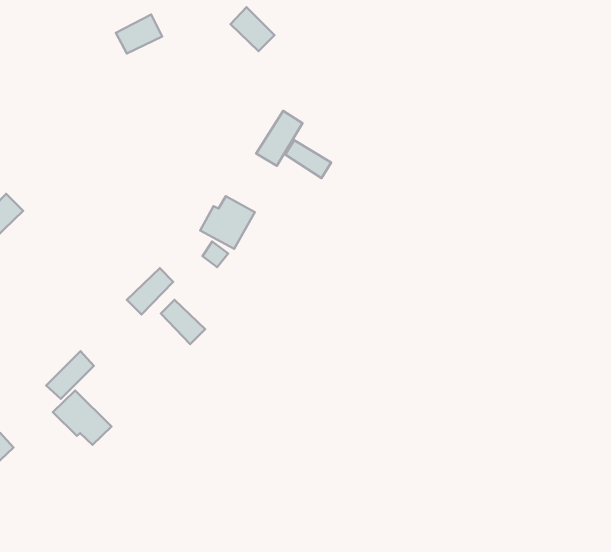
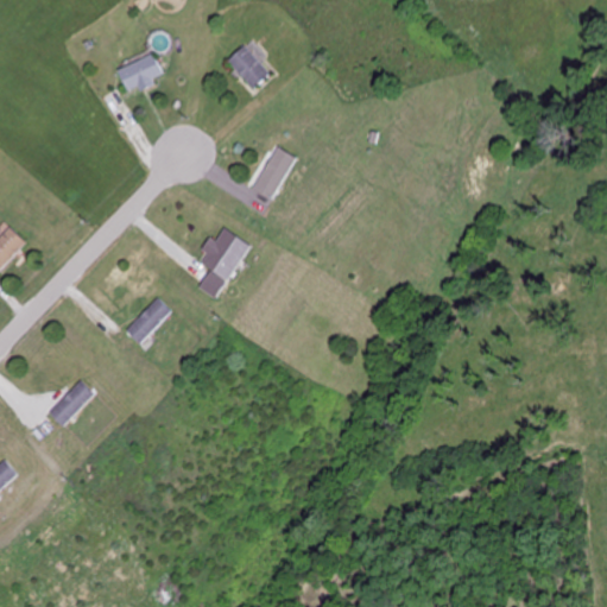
building: [285,140,331,178] -> none
building: [161,300,205,344] -> none
building: [53,391,112,445] -> none

